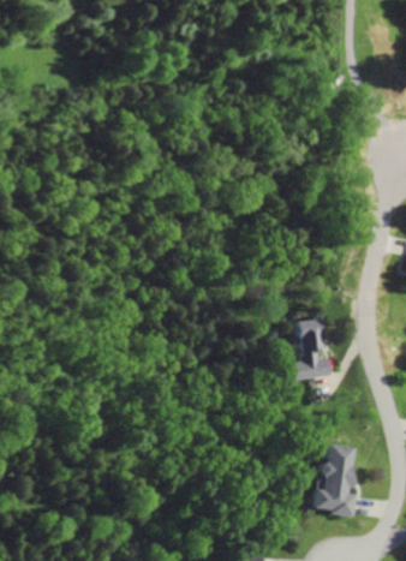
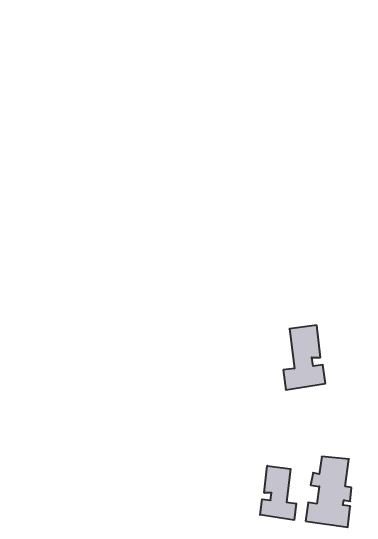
building: none -> [260,466,296,520]

